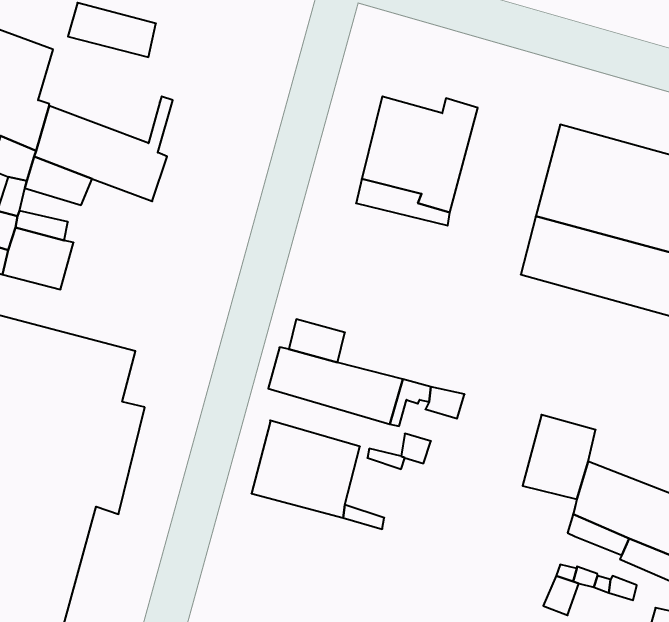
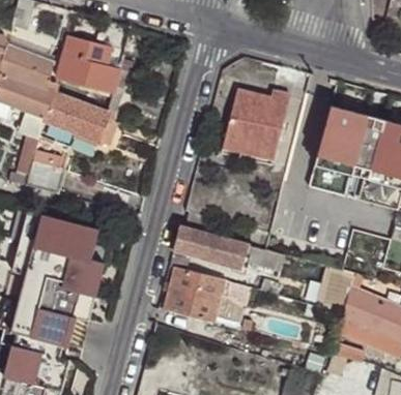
building: none -> [56,55,119,91]

